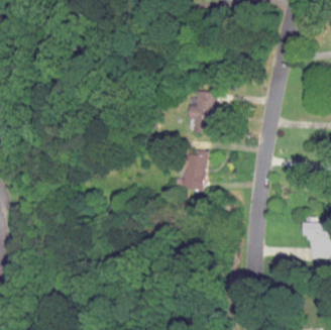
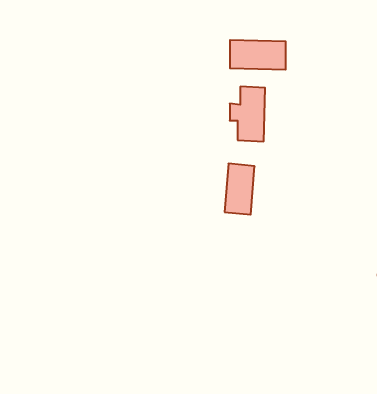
building: none -> [230,40,286,70]

